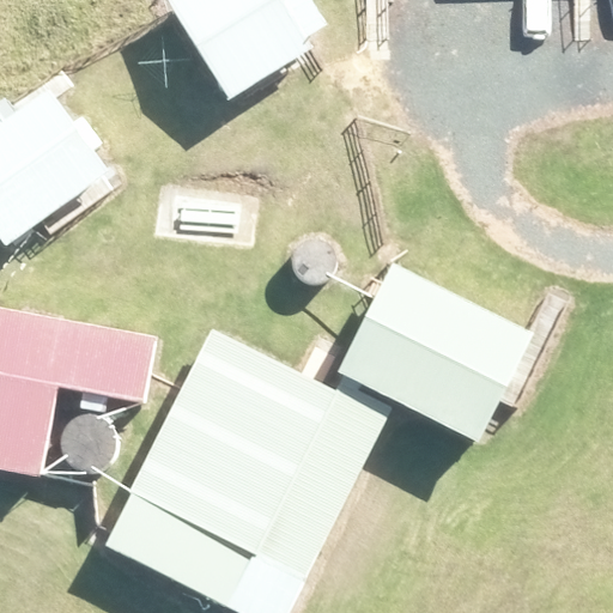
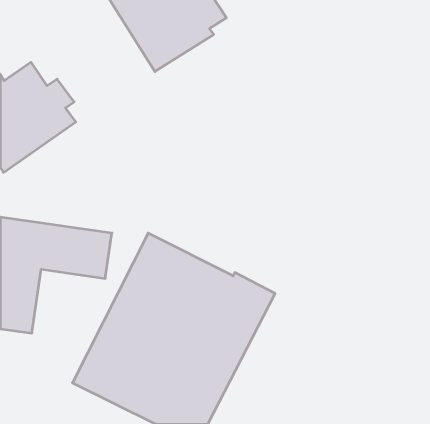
building: [338,263,534,443] -> none

